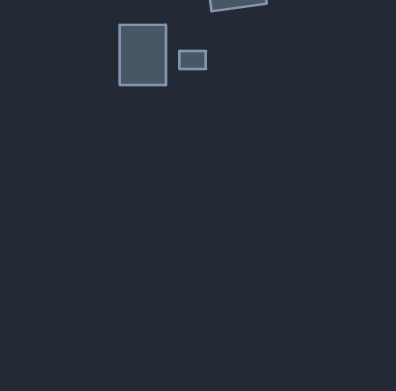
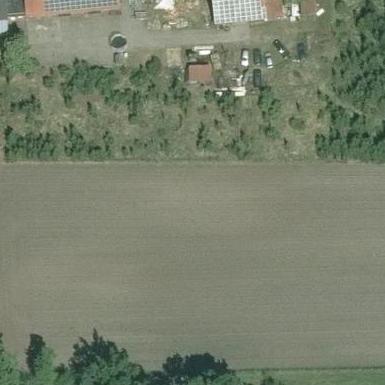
building: [120,25,166,85] -> none

